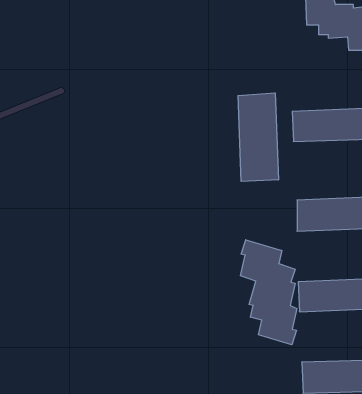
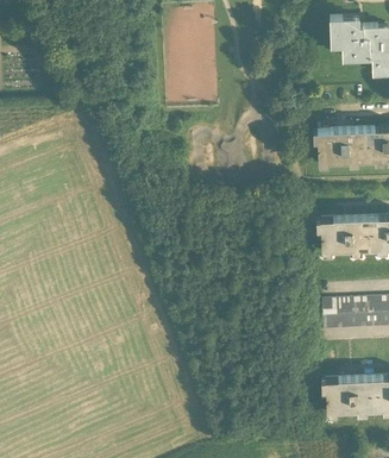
building: [238,93,278,181] -> none
building: [241,240,297,345] -> none

